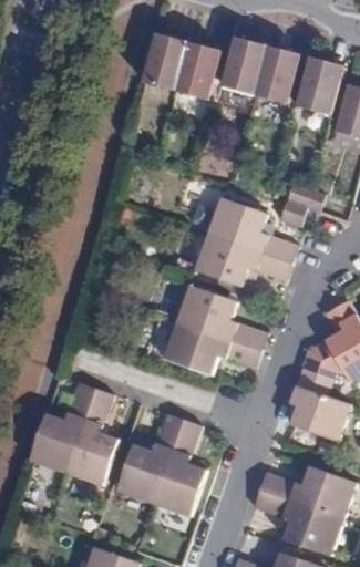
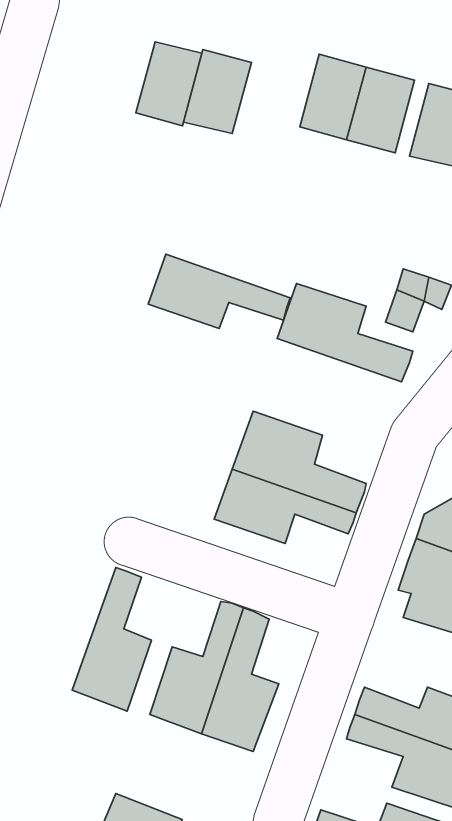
building: [175,43,220,101] -> [136,42,202,126]
building: [194,233,291,284] -> [148,254,290,328]
building: [29,383,95,474] -> none

